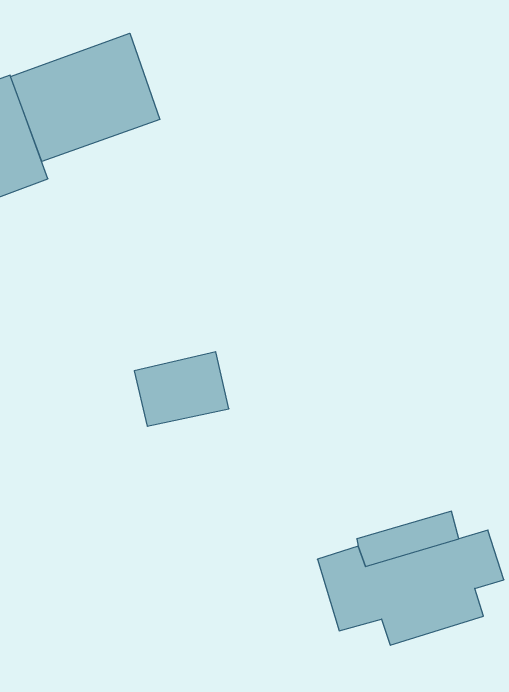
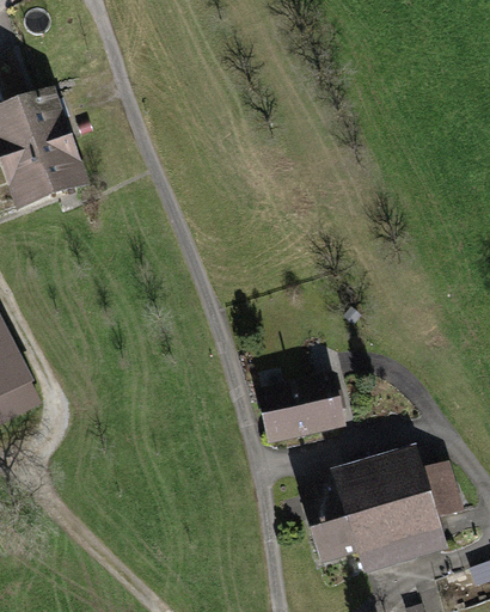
building: [10,33,160,161] -> none
building: [134,352,229,426] -> [267,373,344,434]

